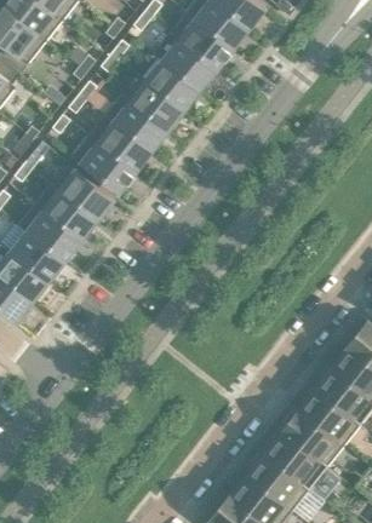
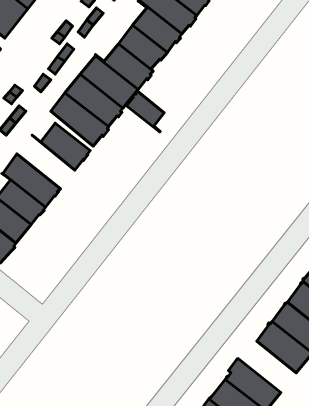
building: none -> [126,91,164,132]
building: [33,182,97,241] -> none
building: [279,410,343,467] -> none

